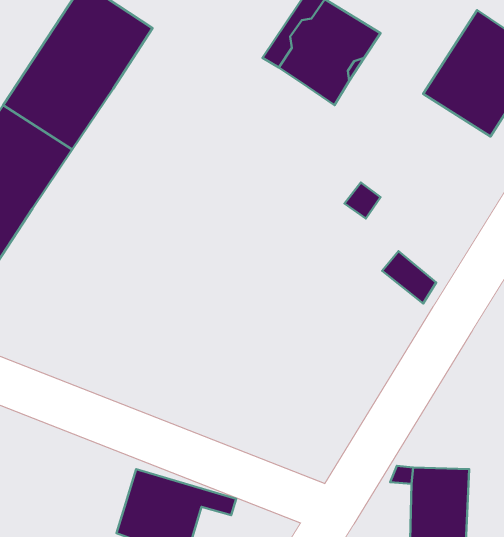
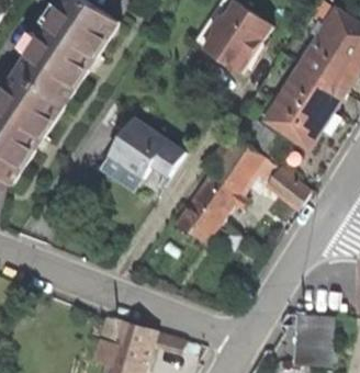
building: none -> [263,65,345,149]
building: none -> [100,118,185,193]
building: none -> [177,131,278,240]

